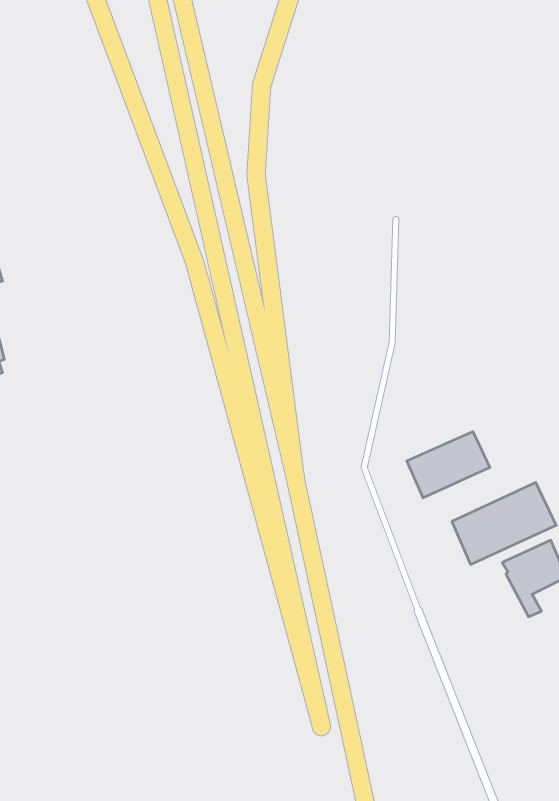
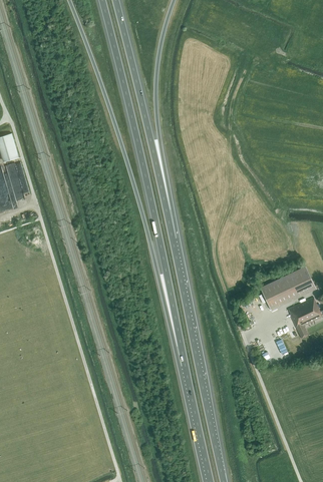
building: [407,432,490,498] -> none

